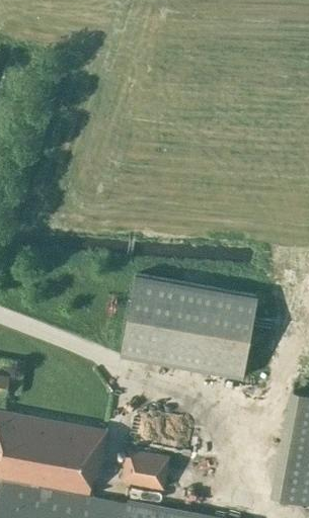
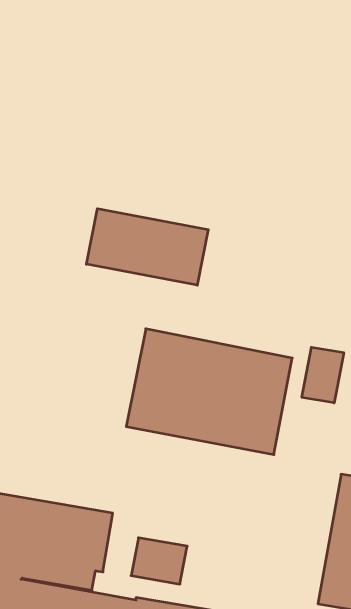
building: none -> [86,209,208,285]
building: none -> [302,347,344,403]

